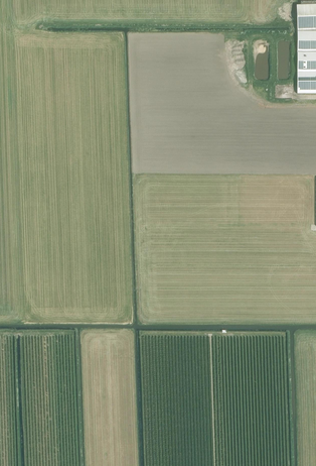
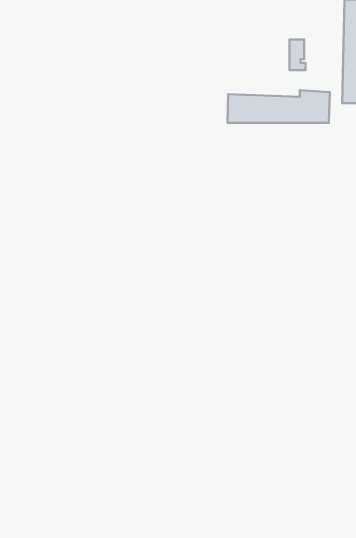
building: none -> [227,90,330,123]

